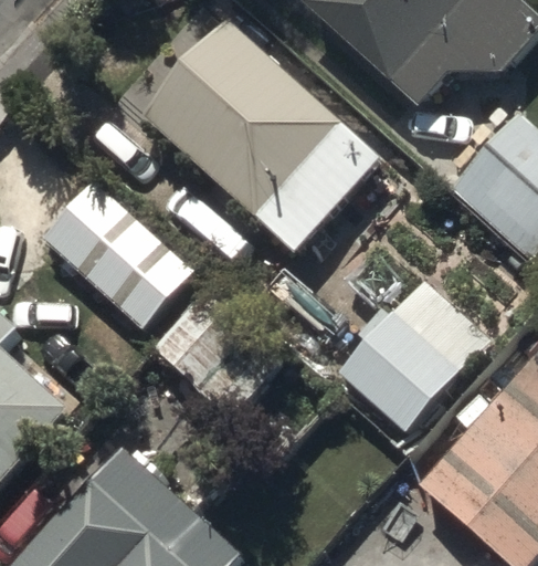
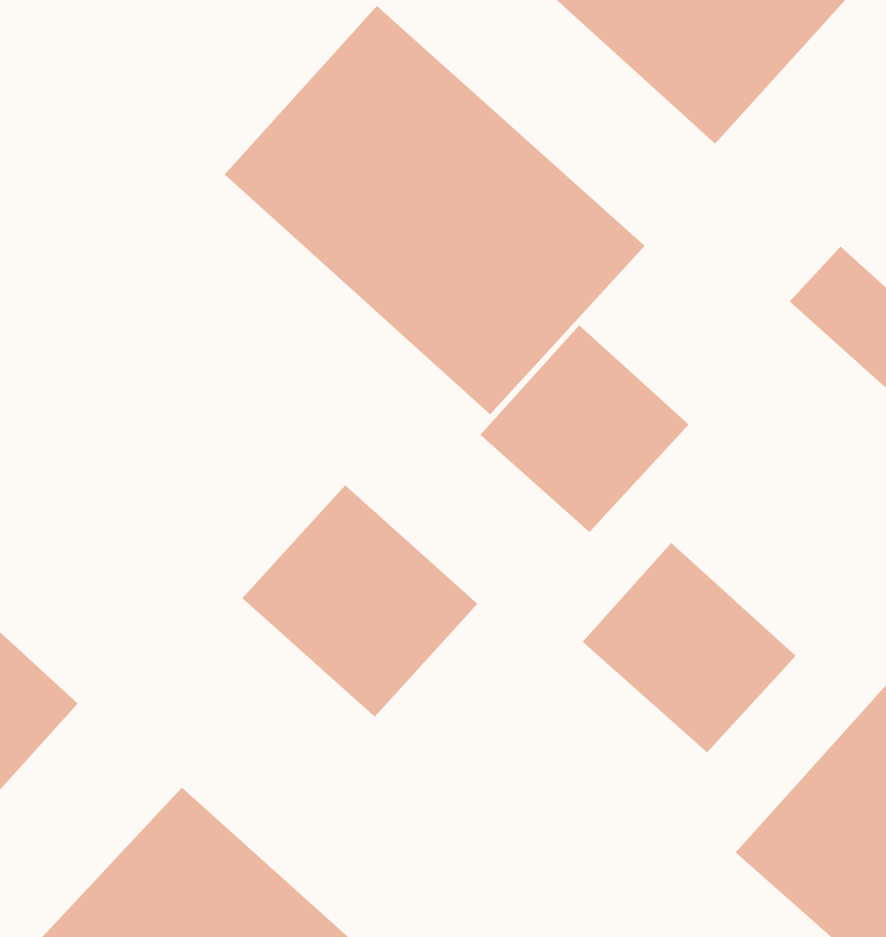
building: [40,185,190,331] -> none
building: none -> [480,325,689,533]

